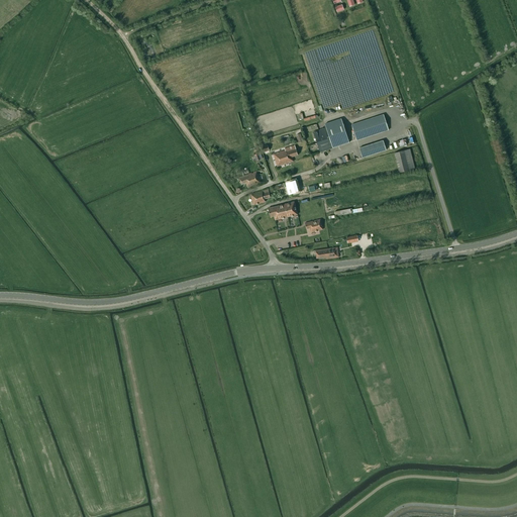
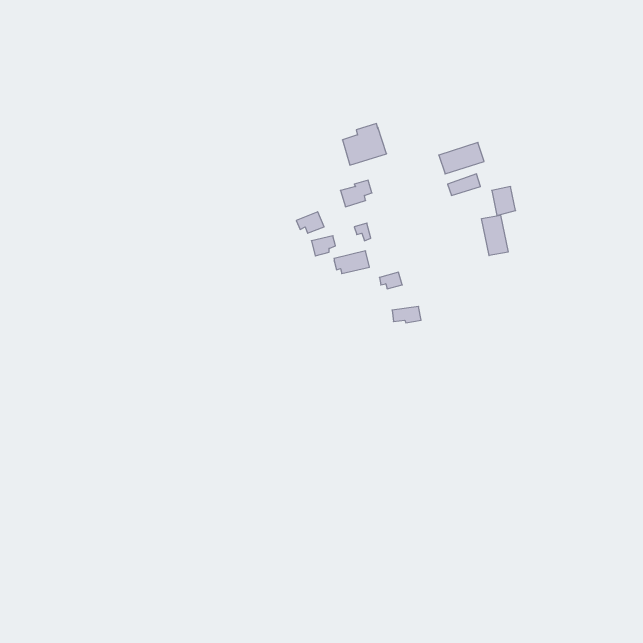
building: [313,118,348,151] -> [342,124,387,165]
building: none -> [482,215,508,256]

